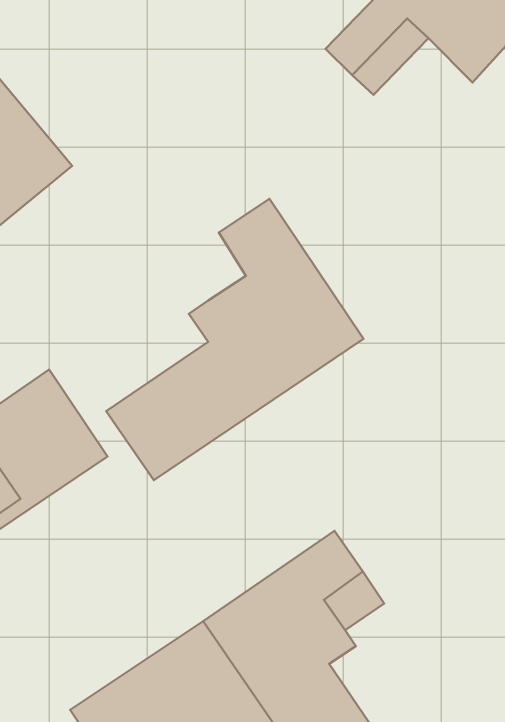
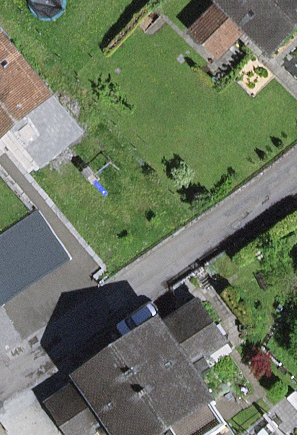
building: [106,199,363,480] -> none

